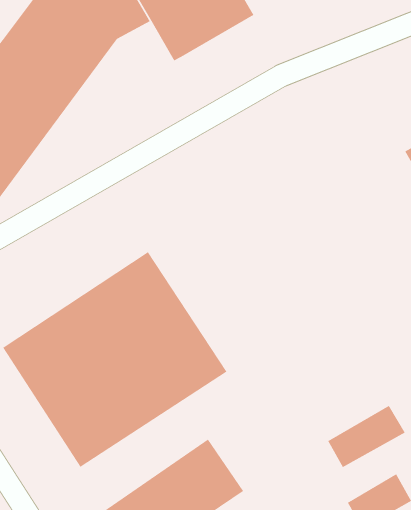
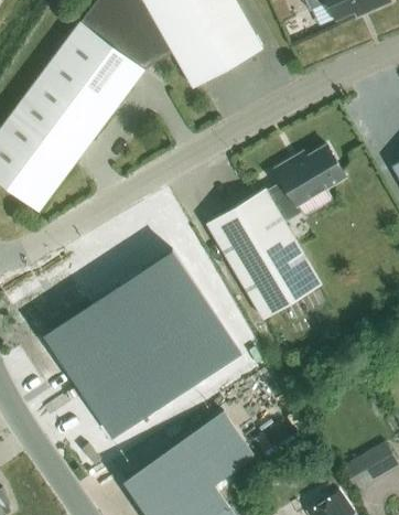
building: none -> [206,147,345,320]
building: [327,405,406,468] -> none

